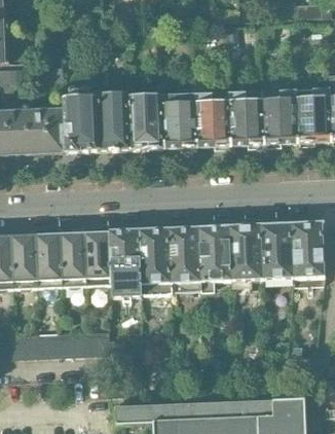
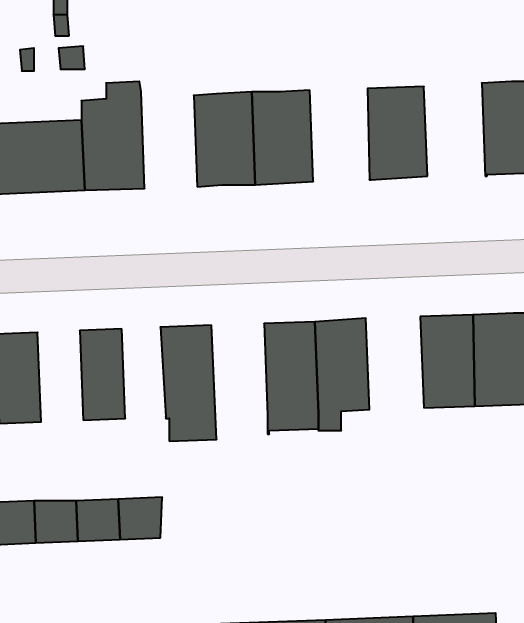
building: [263,87,299,142] -> none
building: [196,91,231,145] -> none
building: [98,92,131,149] -> none
building: [229,224,263,279] -> none
building: [139,228,172,296] -> none
building: [86,230,112,284] -> none
building: [37,232,64,297] -> none

